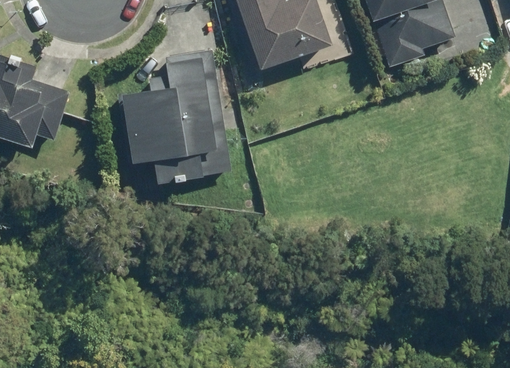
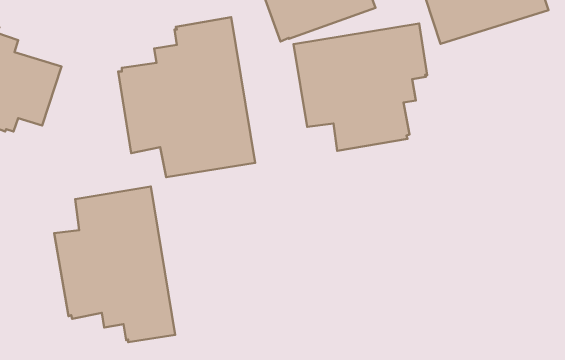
building: none -> [293,24,427,151]
building: none -> [54,186,175,342]

